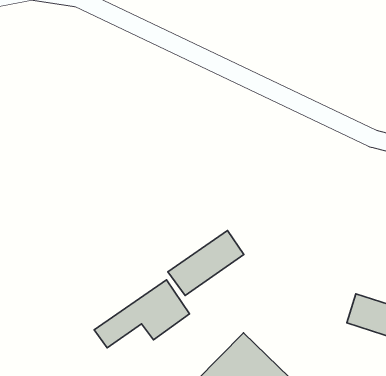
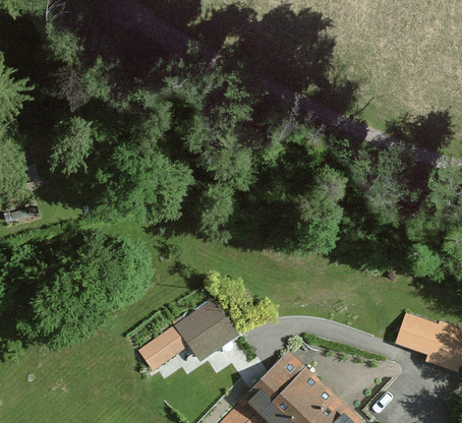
building: [168,230,244,296] -> none

